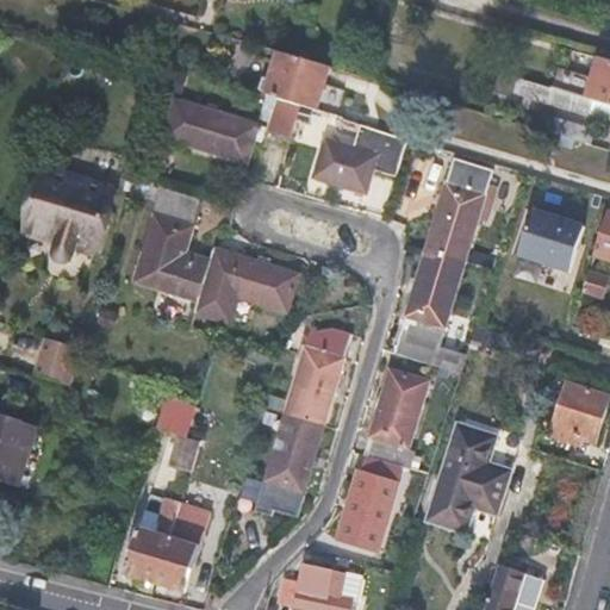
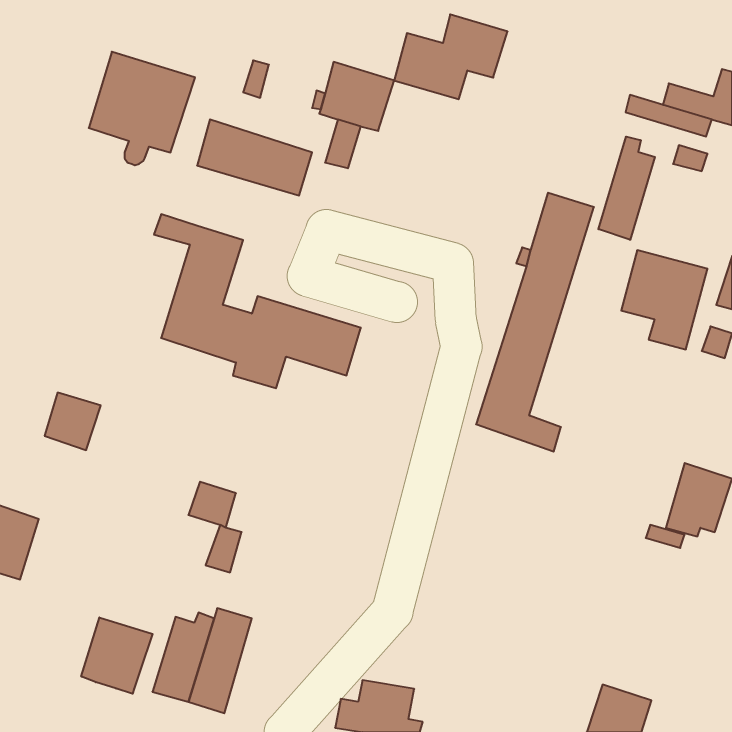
building: none -> [598,137,655,240]
building: [311,123,405,193] -> [394,14,508,99]
building: [24,167,112,261] -> [89,52,195,165]
building: [255,315,356,527] -> none
building: [336,368,428,550] -> none
building: [425,424,506,530] -> none
building: none -> [81,617,153,694]

